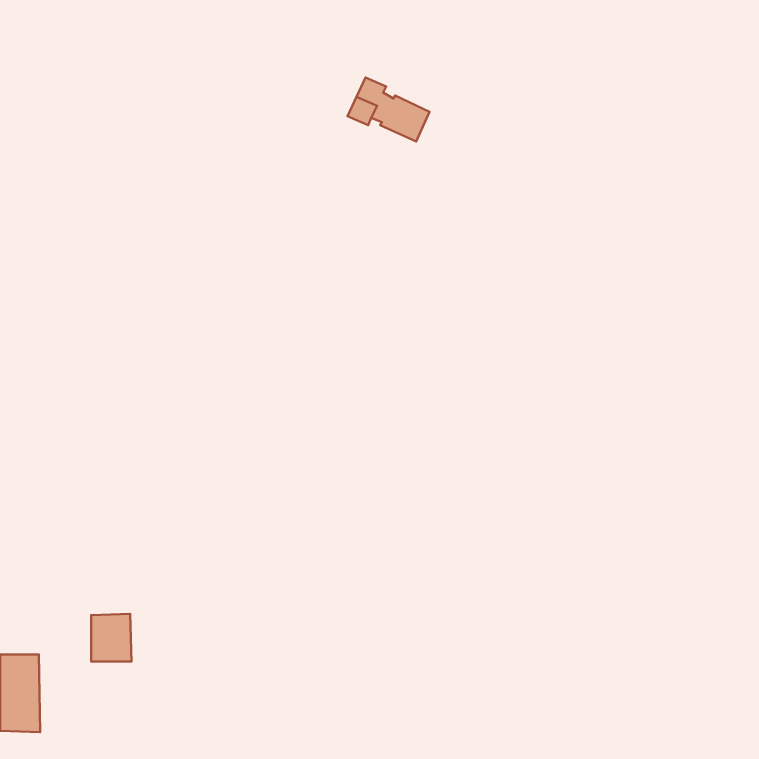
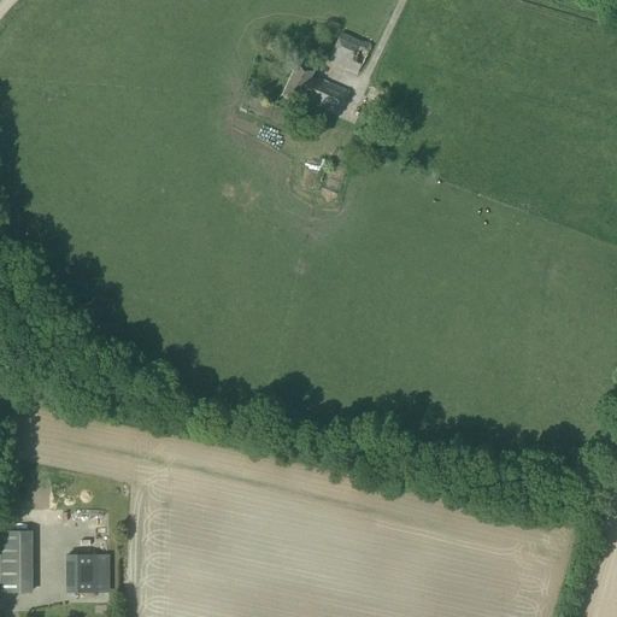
building: none -> [330,30,370,72]
building: [91,614,132,661] -> [67,552,100,590]

